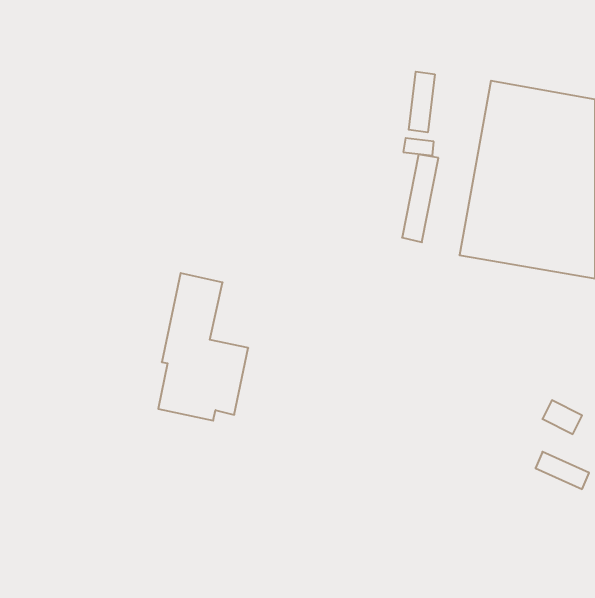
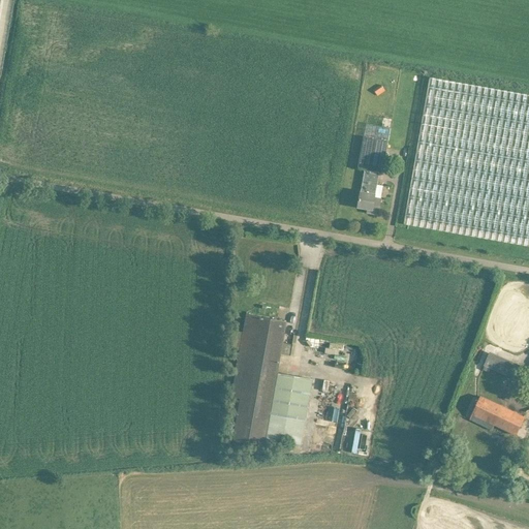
building: [409,72,435,132] -> none
building: [158,273,248,421] -> [230,314,310,444]

